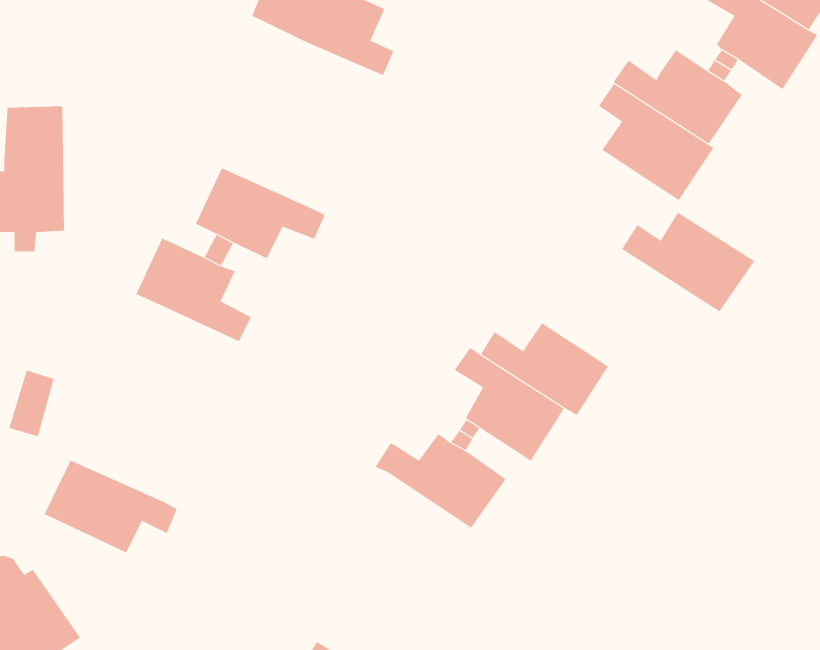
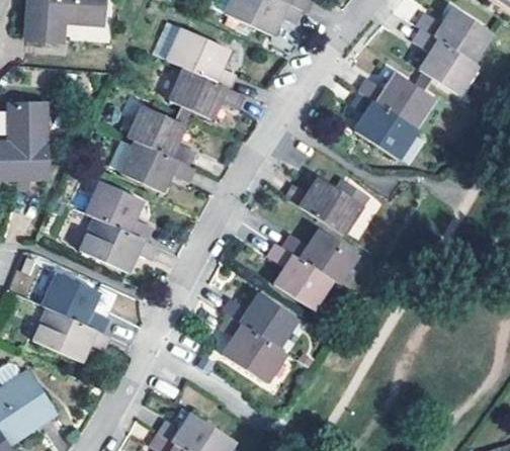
building: none -> [168,68,243,118]
building: none -> [128,104,193,164]
building: [621,212,755,312] -> [285,176,362,234]
building: none -> [80,216,157,271]
building: none -> [41,272,108,332]
building: none -> [221,314,286,381]

